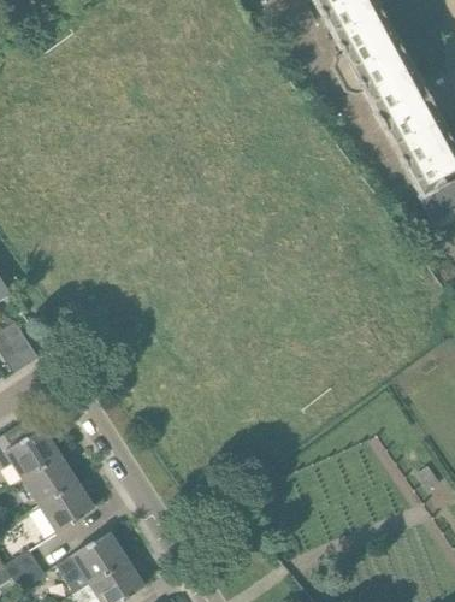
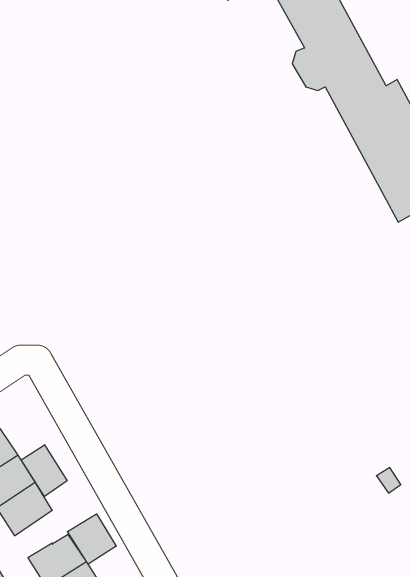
building: none -> [21,445,67,497]
building: none -> [67,514,116,564]

